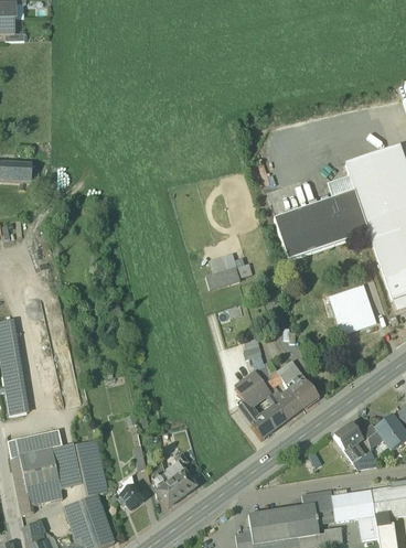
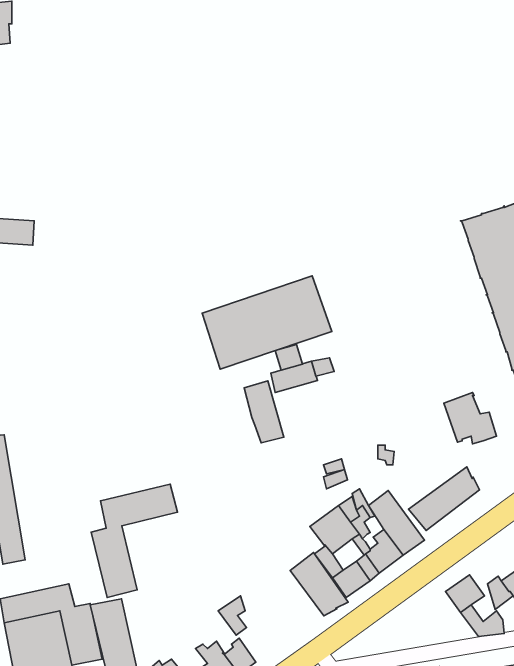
building: [275,191,370,259] -> [202,276,332,369]
building: none -> [244,381,284,443]
building: none -> [409,467,480,531]
building: none -> [91,484,178,598]
building: none -> [290,553,348,616]

